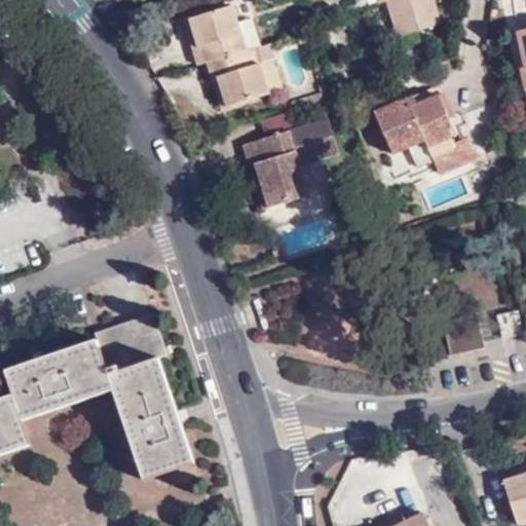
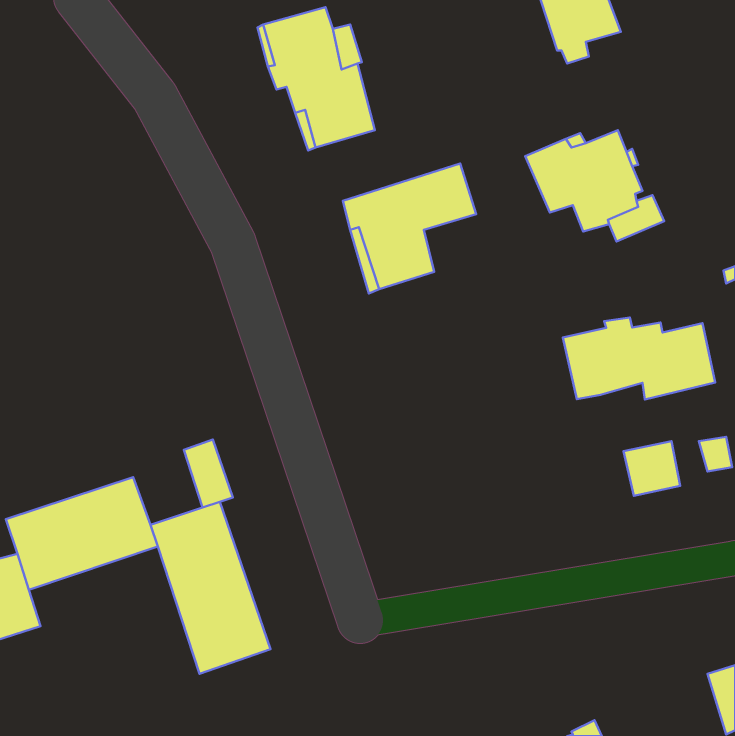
building: none -> [563,317,715,399]
building: [92,320,144,373] -> none

